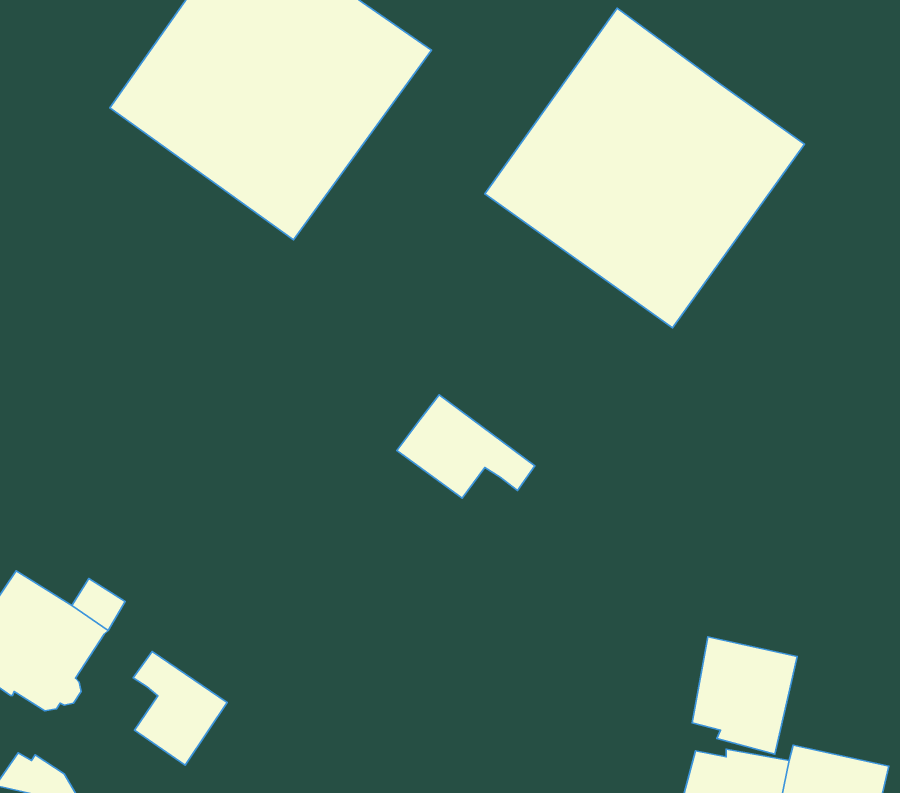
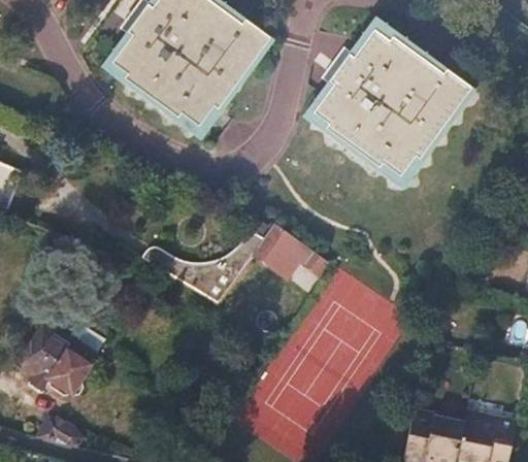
building: none -> [141,236,266,304]
building: [692,637,797,754] -> none
building: [133,651,227,765] -> none

